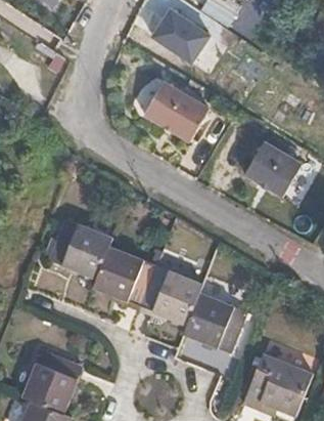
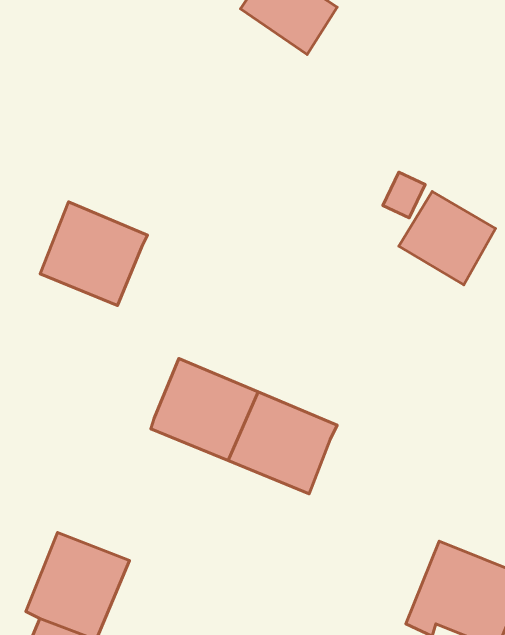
building: [142,84,206,143] -> none
building: [55,216,118,277] -> [40,202,148,305]
building: [186,289,251,350] -> none

